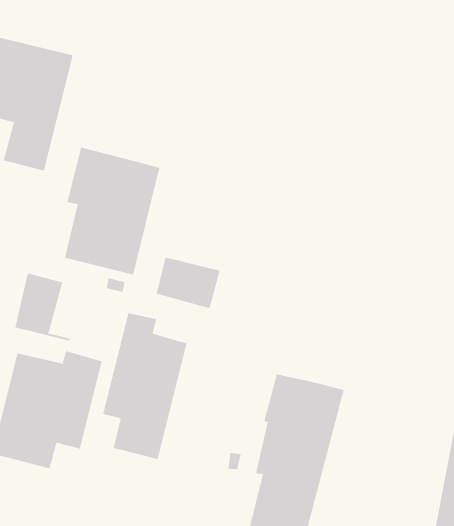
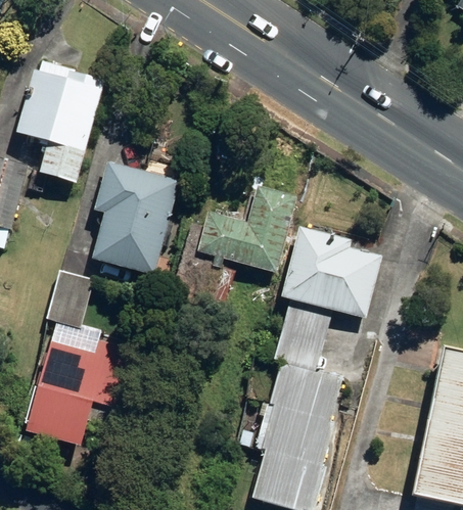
building: none -> [198,185,293,271]
building: none -> [272,225,379,368]
building: [103,313,187,460] -> none

